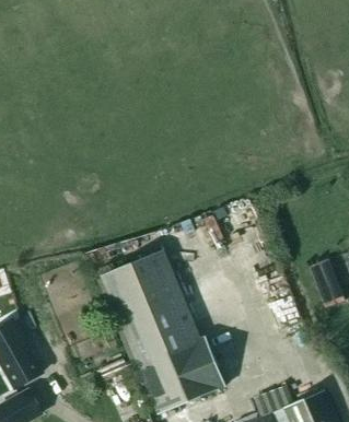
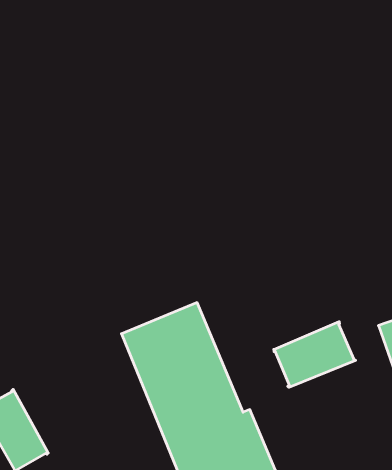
building: none -> [274,322,356,387]

